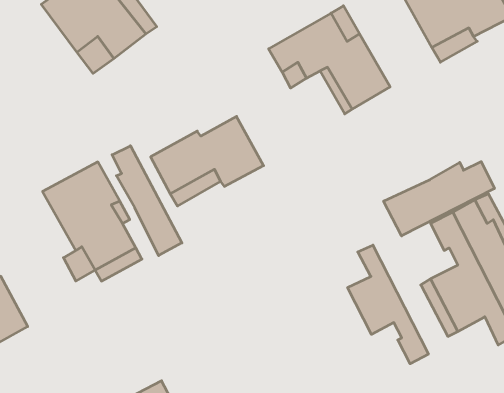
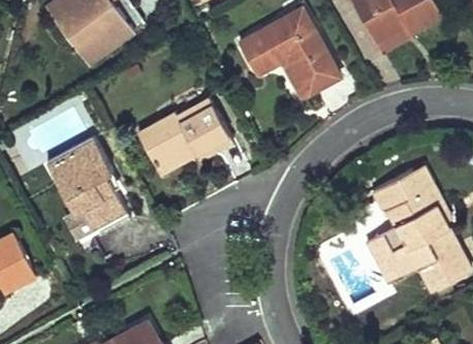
building: [112,146,182,256] -> none
building: [384,162,494,236] -> none
building: [348,245,428,364] -> none

